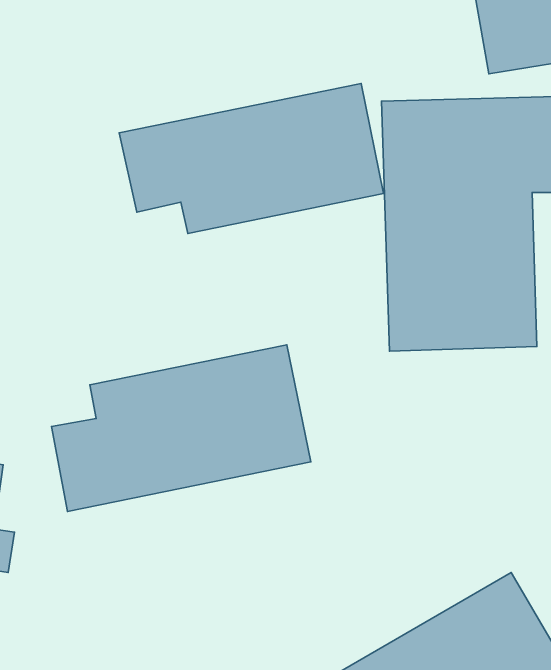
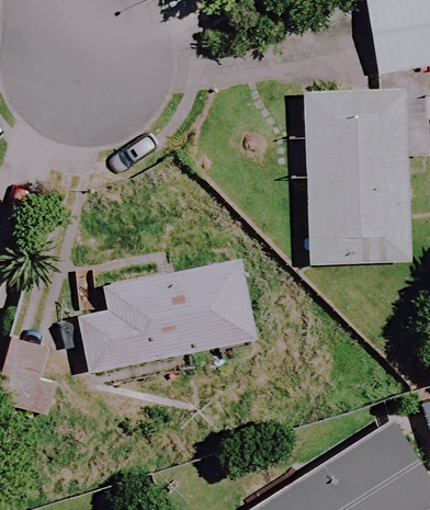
building: [119,83,384,234] -> none

